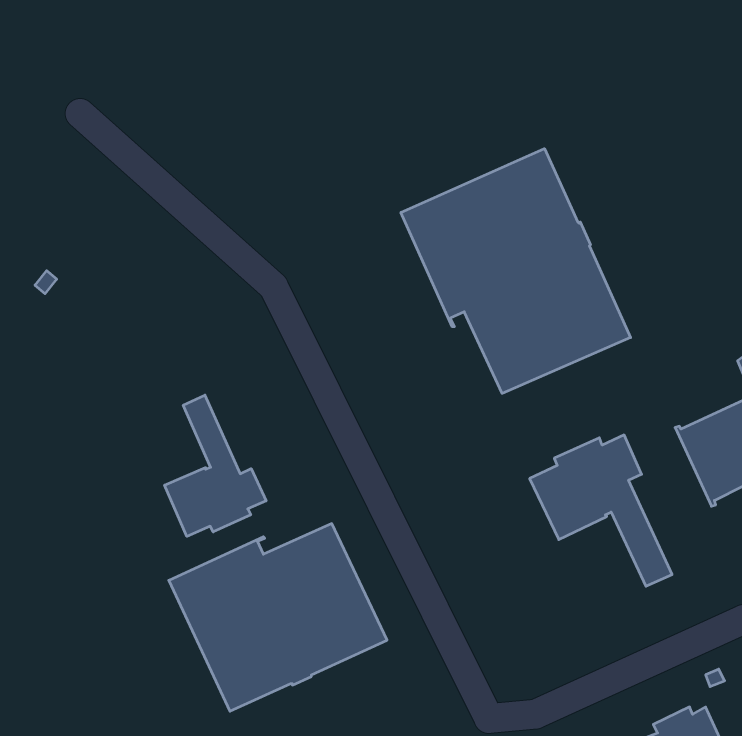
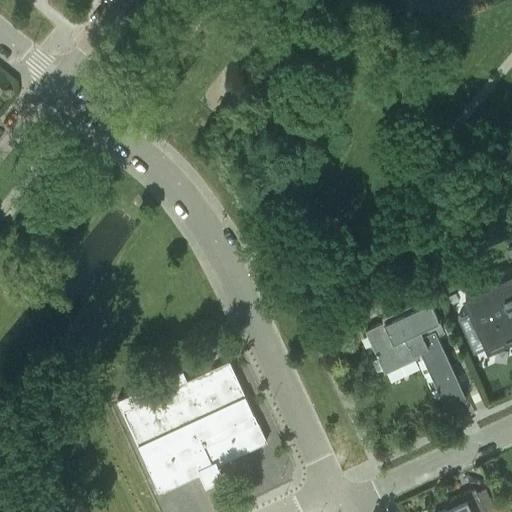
building: [401,149,631,393] -> none
building: [165,395,266,536] -> none

